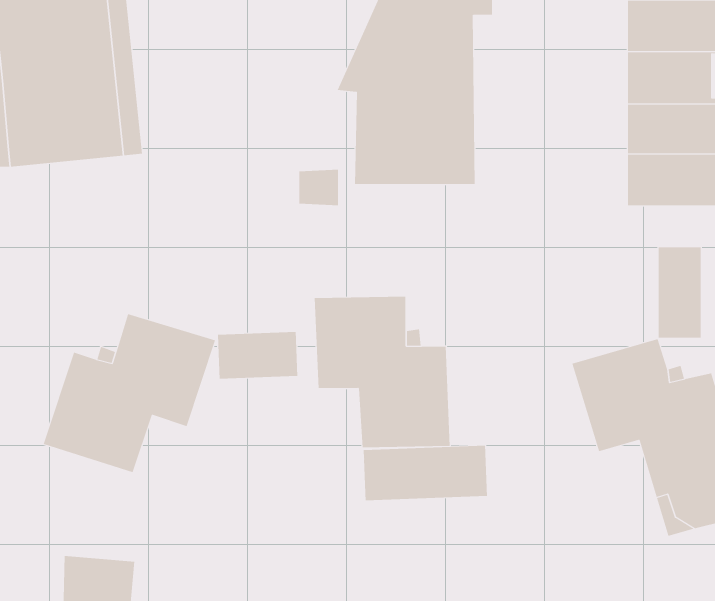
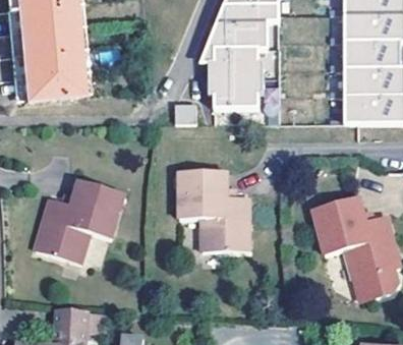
building: [658,246,701,338] -> none
building: [217,331,298,380] -> none
building: [363,445,488,501] -> none

